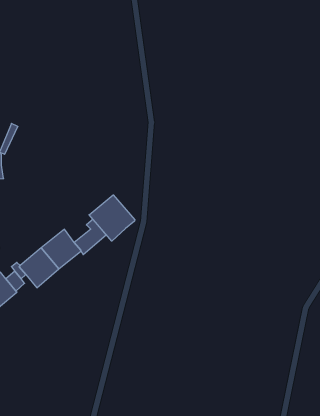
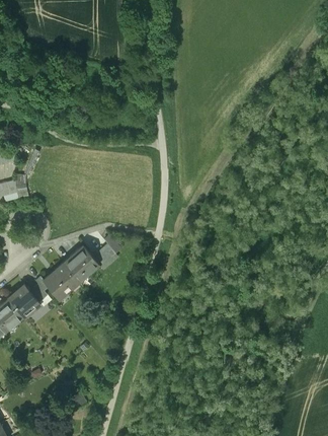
building: [89,195,135,241] -> none

